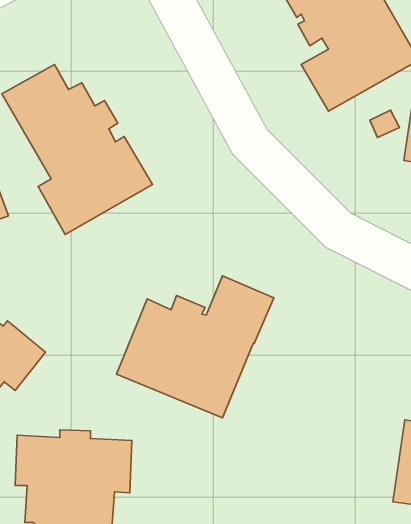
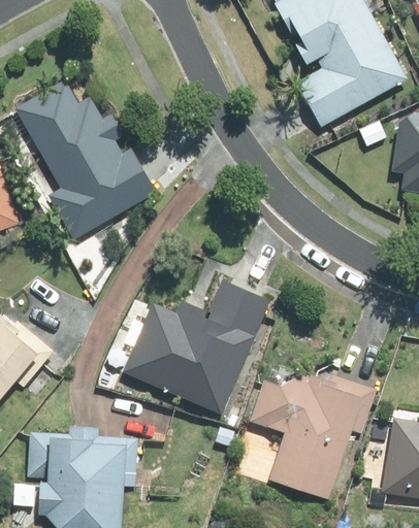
building: none -> [251,372,379,498]

